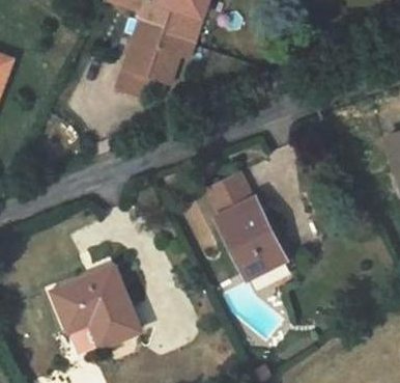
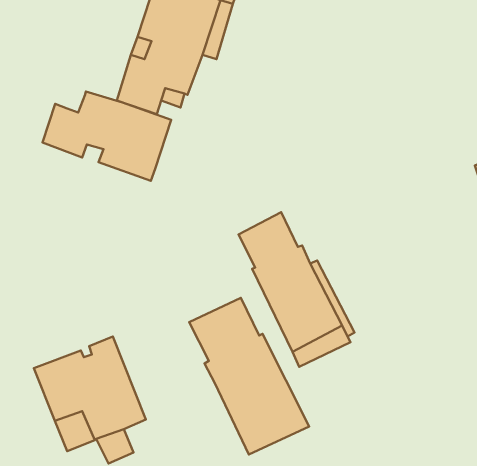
building: none -> [42,92,171,181]
building: none -> [189,298,309,454]

